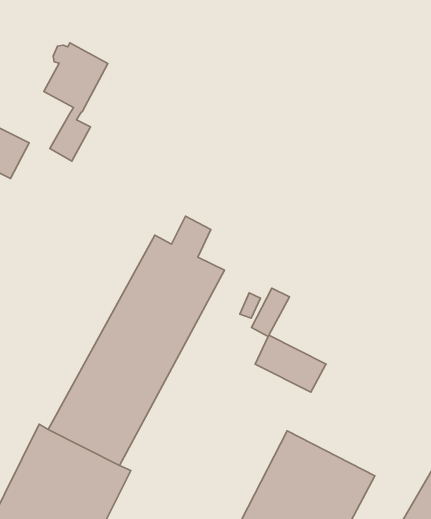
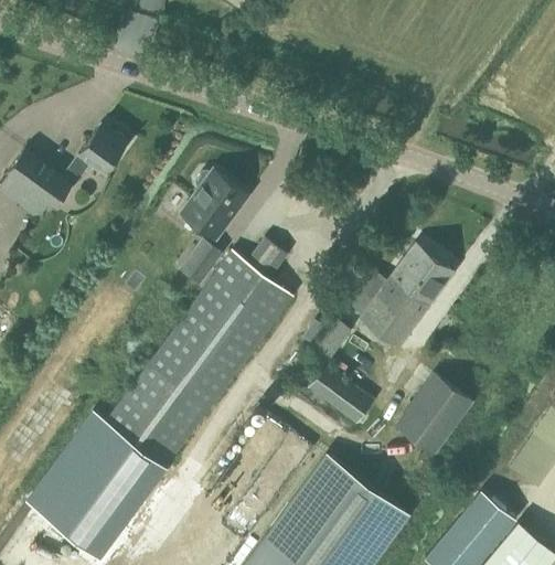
building: [44,43,108,161] -> [180,171,248,284]
building: none -> [342,244,453,348]
building: none -> [396,374,471,455]

